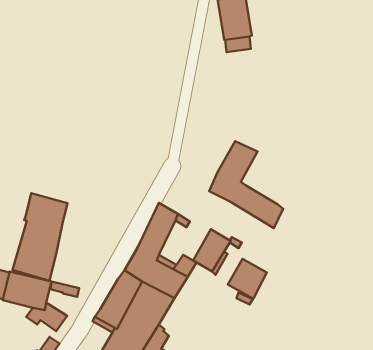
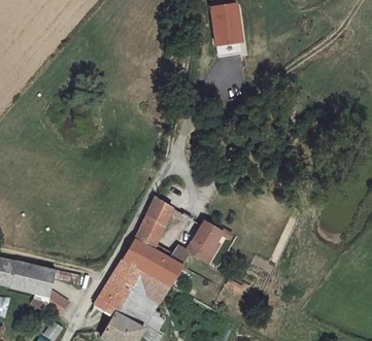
building: [209,141,283,228] -> none
building: [12,193,67,281] -> none
building: [228,259,267,299] -> none

